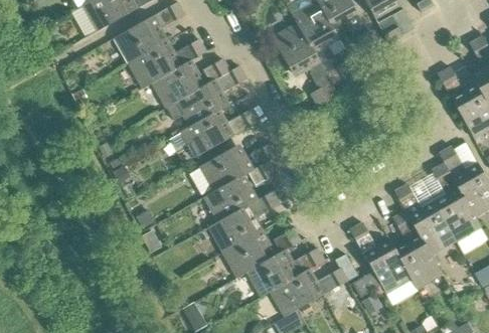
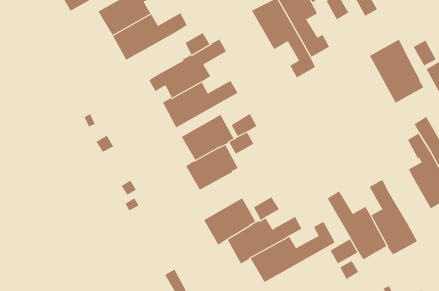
building: [152,59,206,108] -> none
building: none -> [369,39,424,104]
building: [394,183,456,254] -> none
building: [208,190,280,252] -> none

